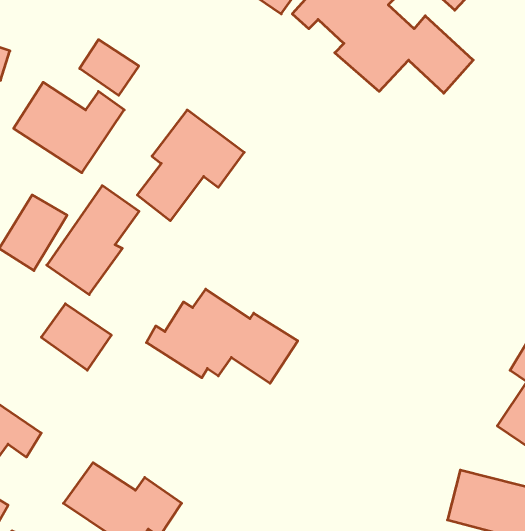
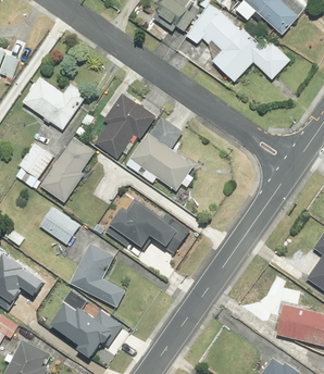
building: [80,40,139,95] -> none
building: none -> [125,117,205,192]
building: none -> [67,244,125,308]

